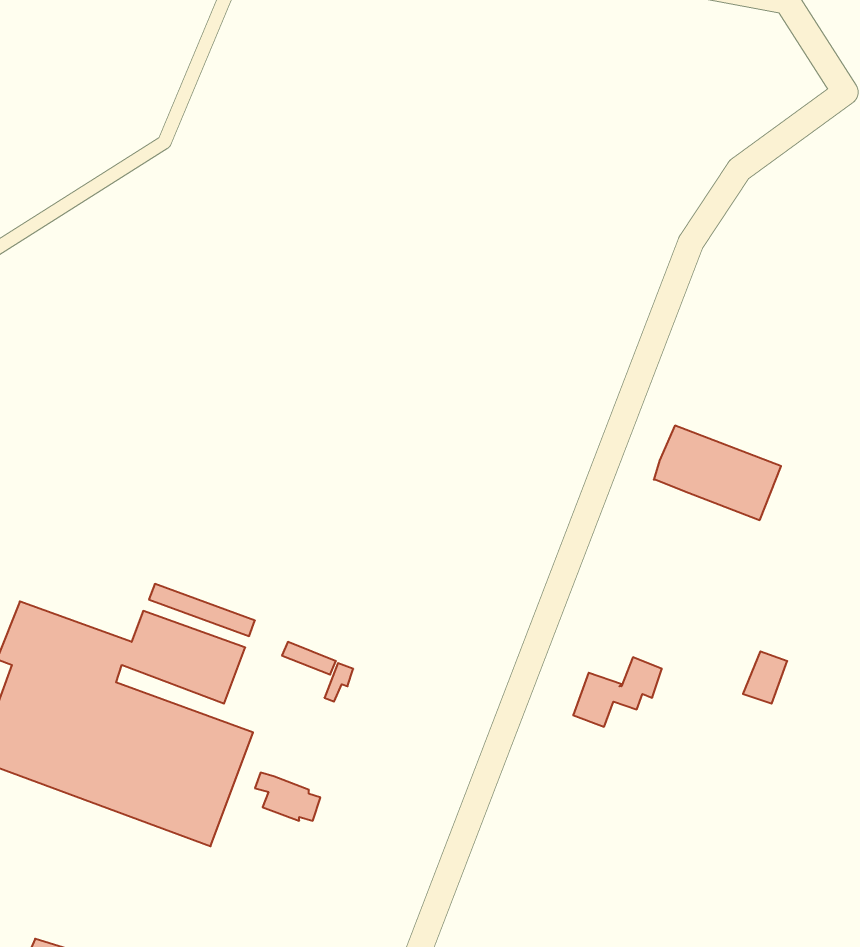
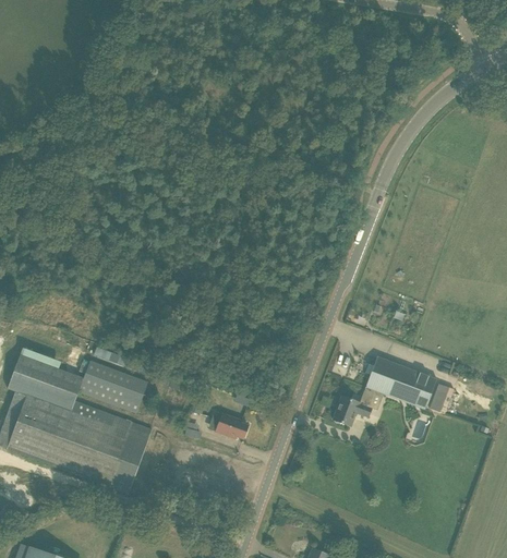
building: [654,426,781,520] -> [365,355,437,409]
building: [255,773,320,821] -> [210,410,248,437]

